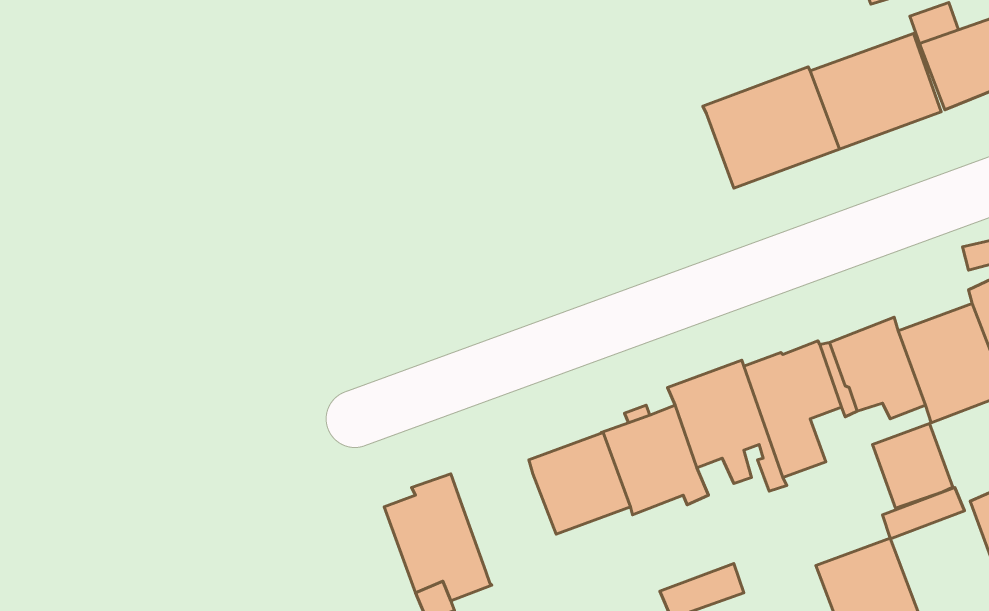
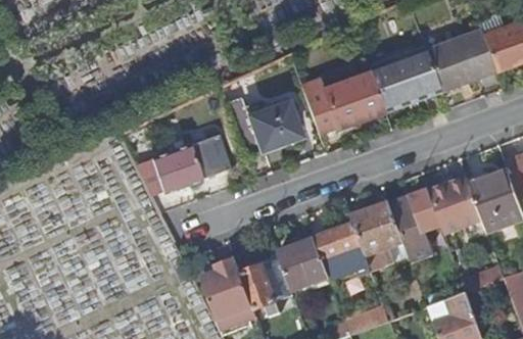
building: none -> [301,71,385,133]
building: none -> [226,99,302,157]
building: none -> [130,135,231,195]
building: [872,424,953,508] -> none
building: none -> [242,259,293,317]

